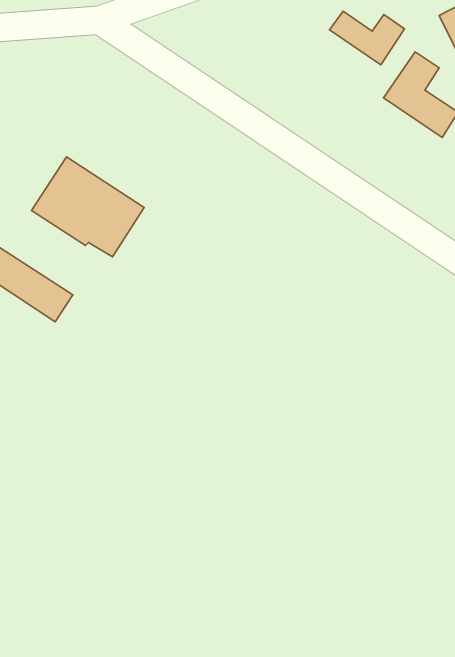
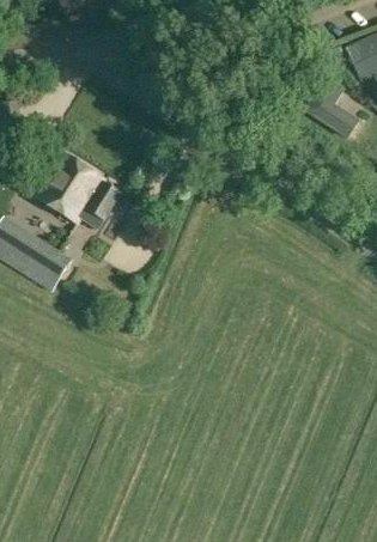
building: [329,11,405,65] -> none

